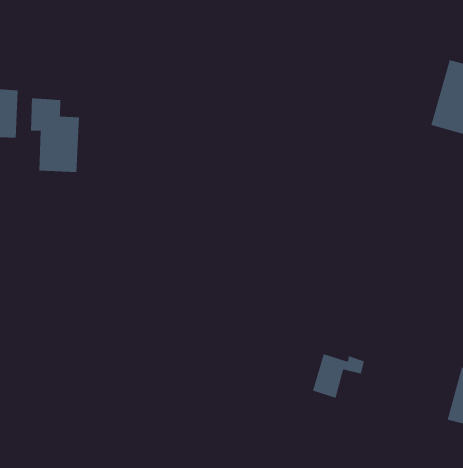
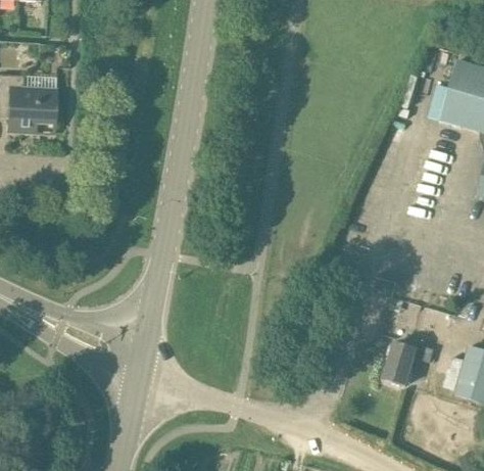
building: [31,98,79,173] -> none
building: [312,353,365,398] -> [383,341,432,383]

